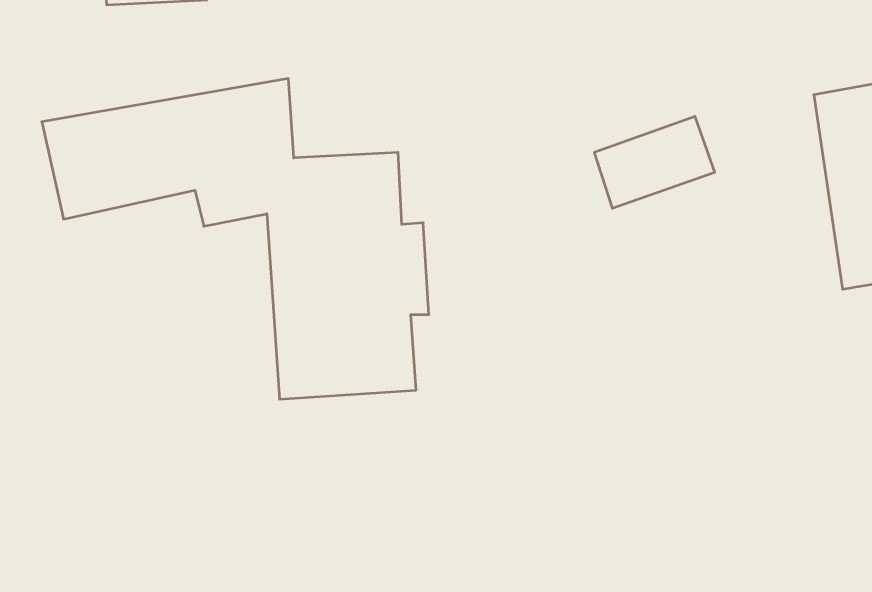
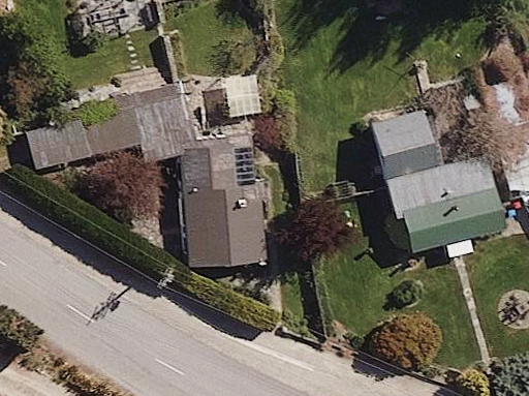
building: none -> [390,161,507,263]

